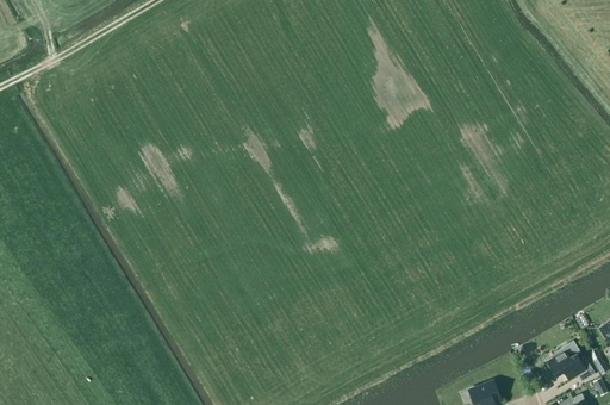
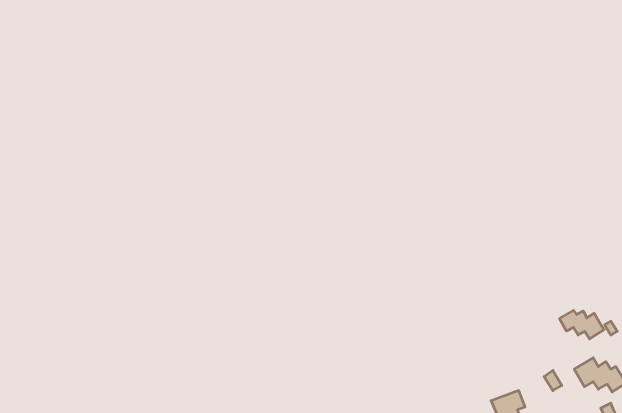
building: none -> [560,310,604,339]

